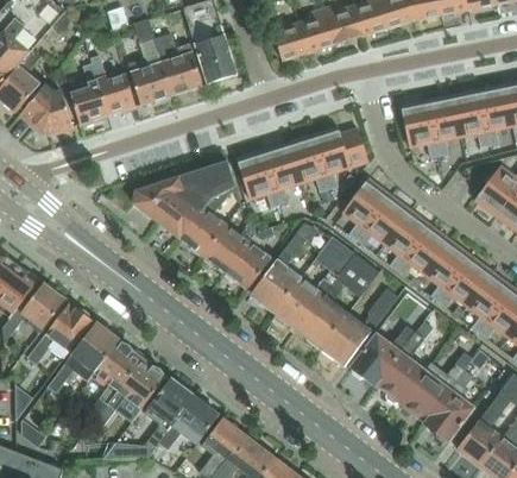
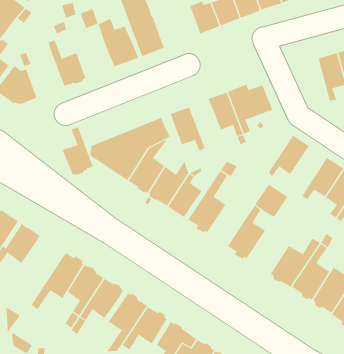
building: [128,61,171,106] -> none
building: [69,64,107,125] -> [62,127,93,176]
building: [402,101,439,158] -> none
building: [263,143,300,205] -> none
building: [342,180,390,240] -> none
building: [384,210,430,272] -> none
building: [315,237,355,277] -> none
building: [275,277,332,329] -> none
building: [322,289,397,365] -> none
building: [27,302,92,365] -> none

